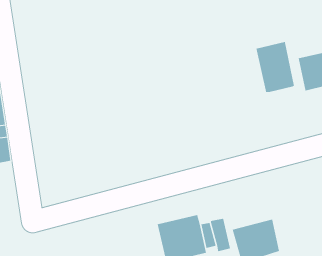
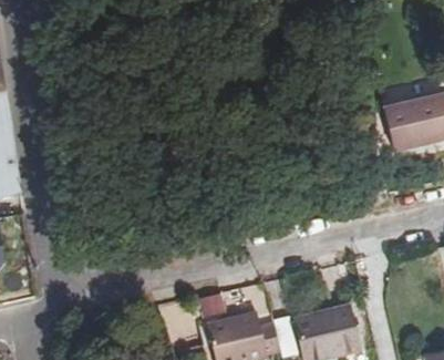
building: [256,41,295,93] -> none

